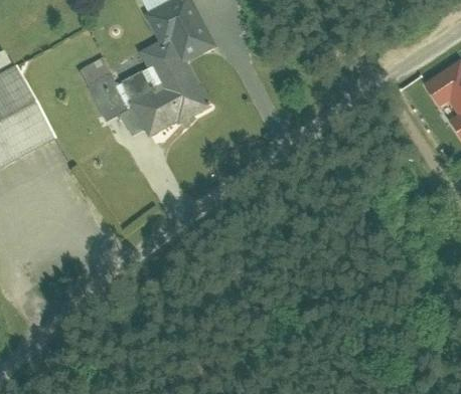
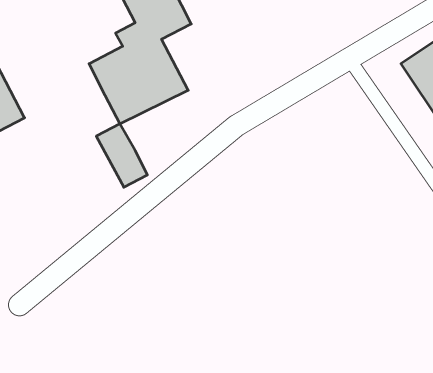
building: [79,58,129,121] -> [96,124,147,187]

